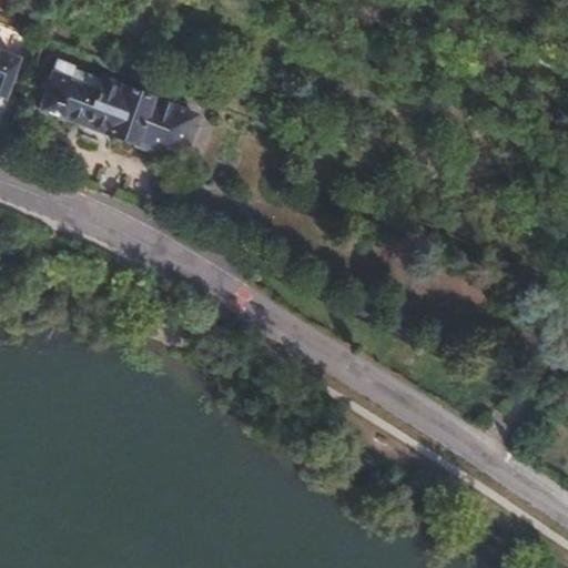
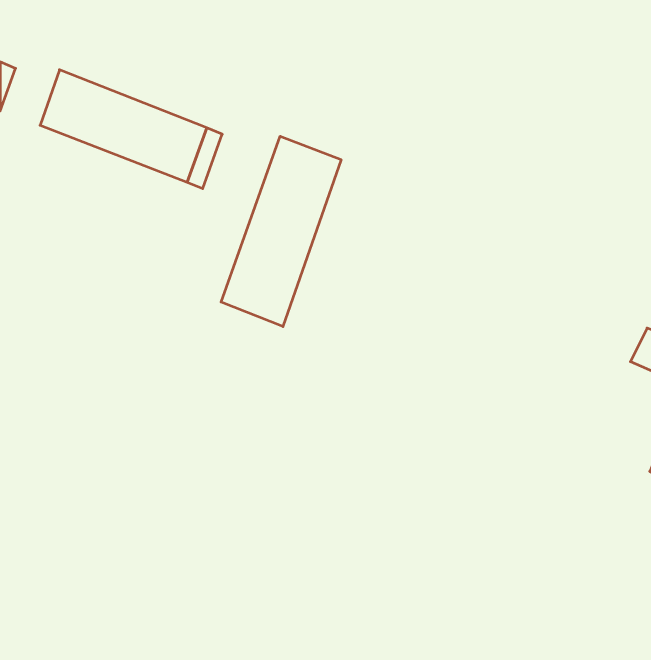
building: none -> [221,136,341,327]

